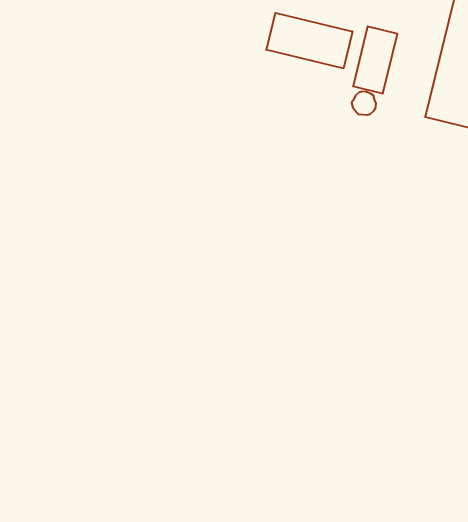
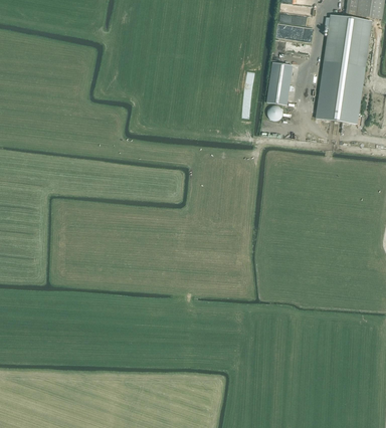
building: [266,13,352,68] -> none

